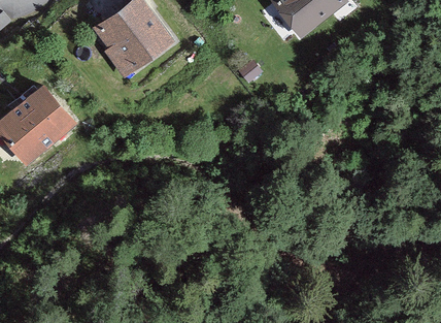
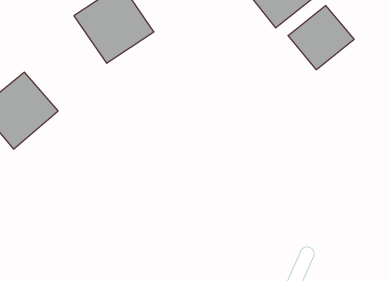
building: none -> [288,5,354,70]

